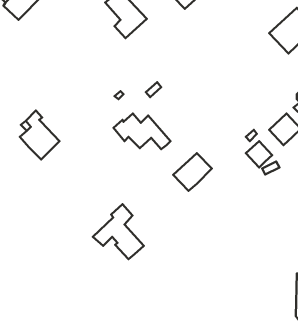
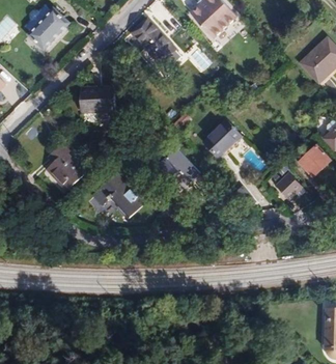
building: none -> [80,90,115,121]
building: [173,153,212,191] -> [202,120,242,159]
building: [93,204,144,259] -> [93,161,145,217]

